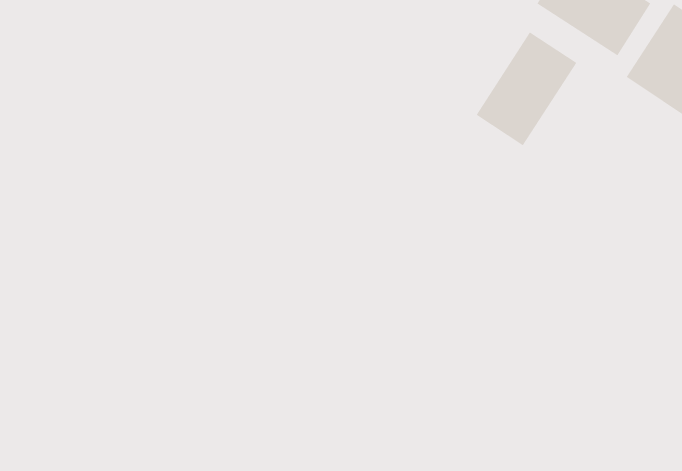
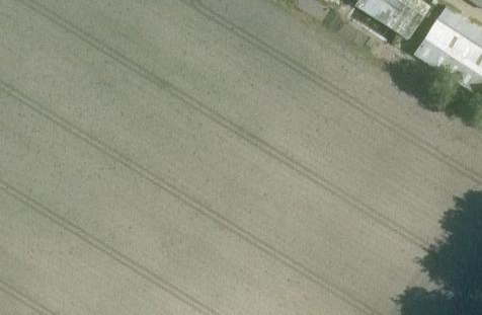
building: [476,31,577,146] -> none

